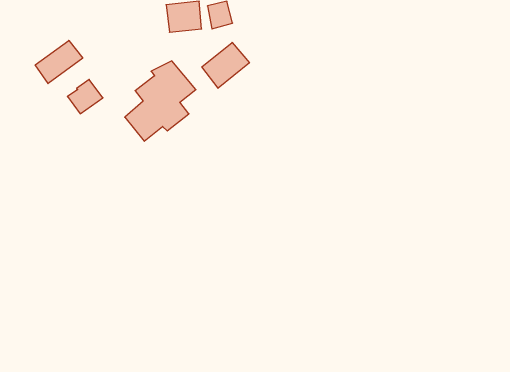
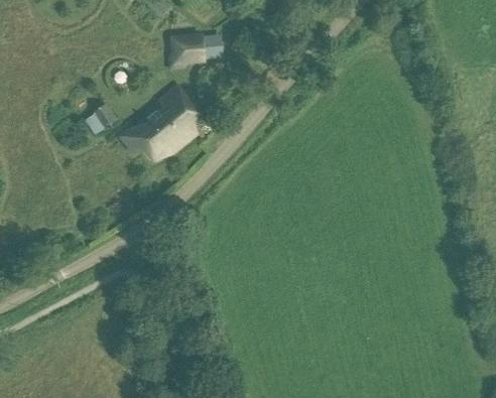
building: [35,40,83,84] -> none
building: [202,42,249,88] -> none

